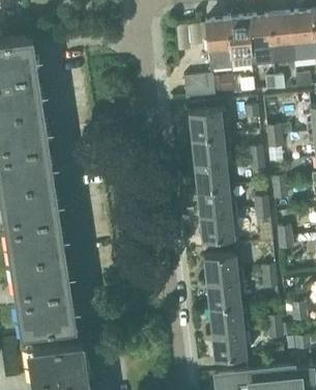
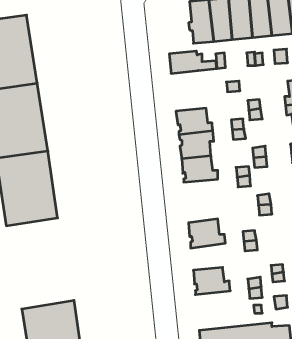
building: [189,109,226,138] -> none
building: [199,211,237,241] -> none
building: [9,252,76,333] -> none
building: [206,279,245,308] -> none
building: [211,330,250,360] -> none

